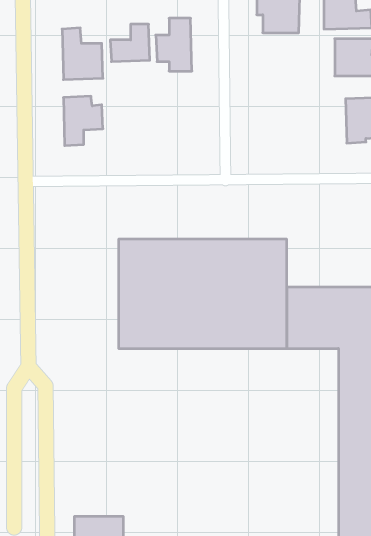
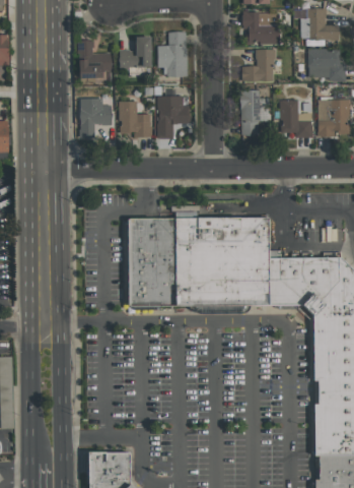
building: none -> [242,49,274,82]
building: none -> [239,89,271,136]
building: none -> [157,96,190,138]
building: none -> [281,100,312,137]
building: none -> [119,101,151,137]

